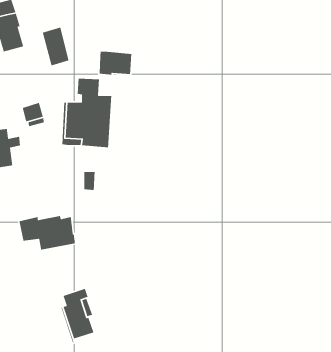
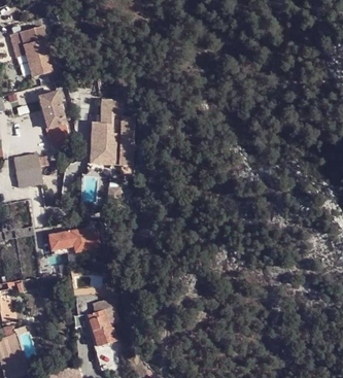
building: [42,27,69,66] -> [41,91,67,128]
building: [99,51,132,76] -> none

